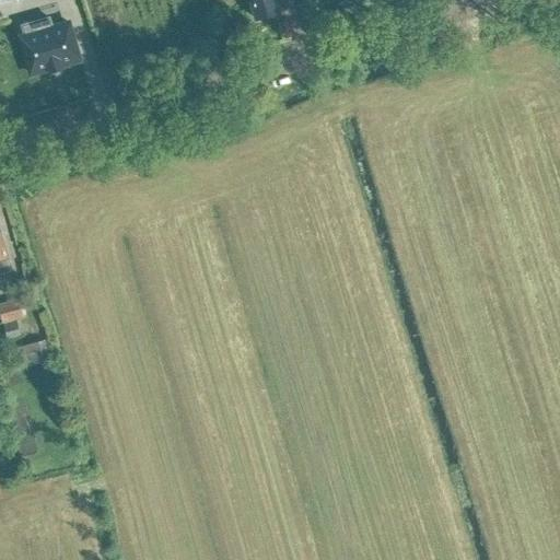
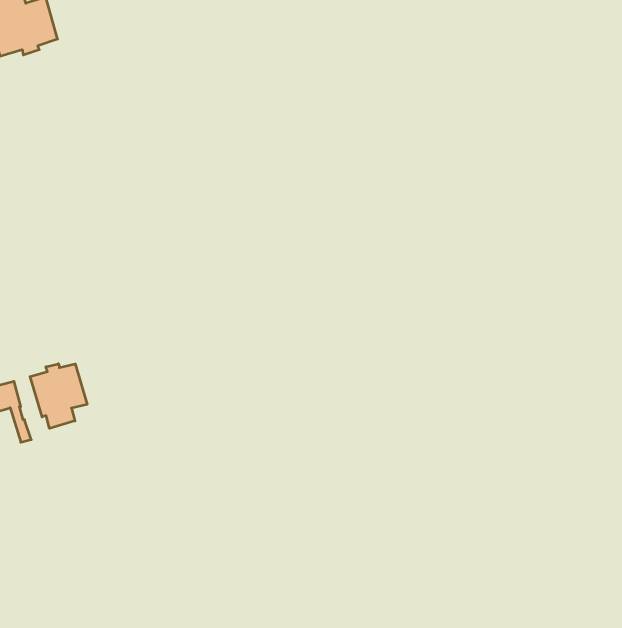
building: none -> [30,364,87,428]

